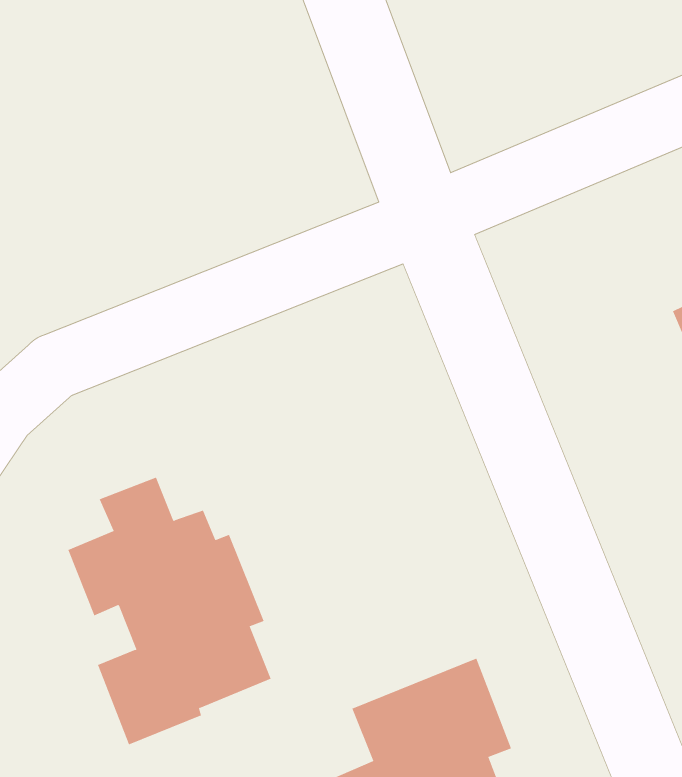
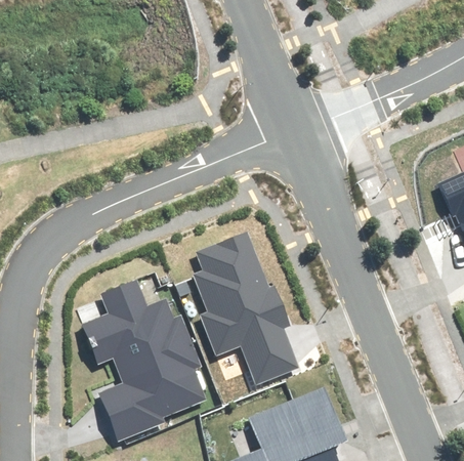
building: none -> [194,235,297,382]

